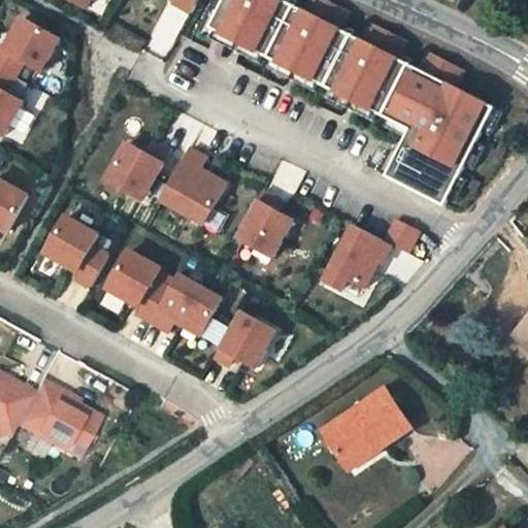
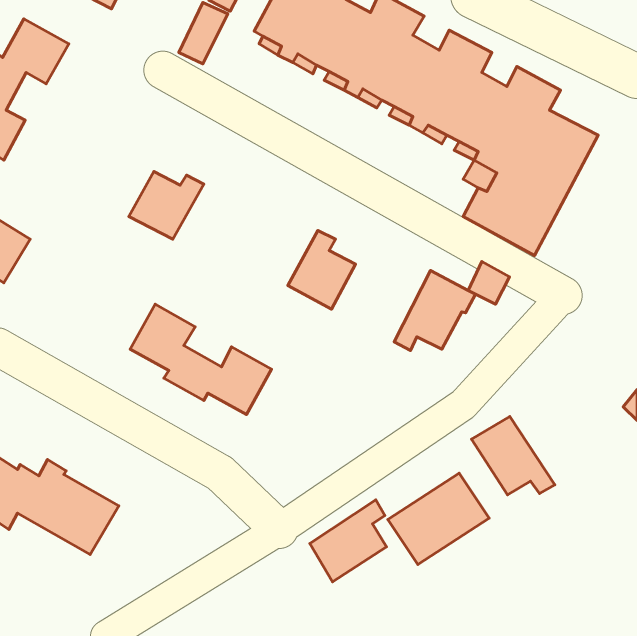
building: [162,146,226,218] -> none
building: [44,217,104,287] -> none
building: [216,309,282,369] -> none
building: none -> [471,417,555,495]
building: none -> [310,500,386,582]

